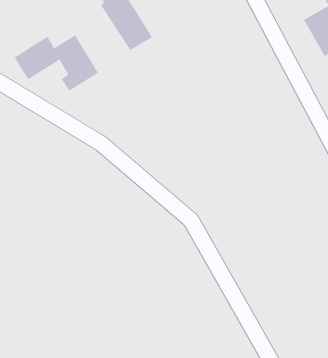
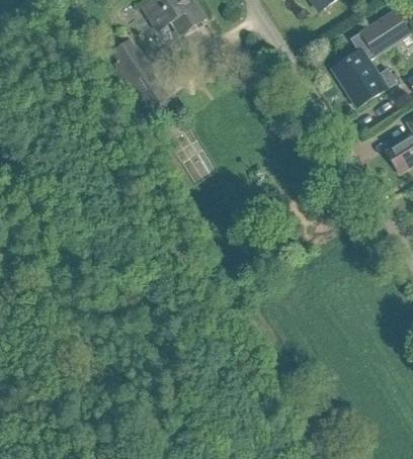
building: [14,35,99,92] -> none

